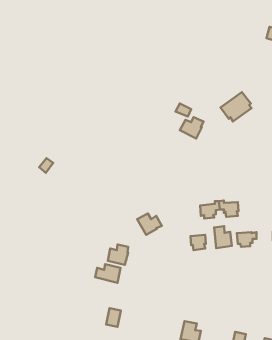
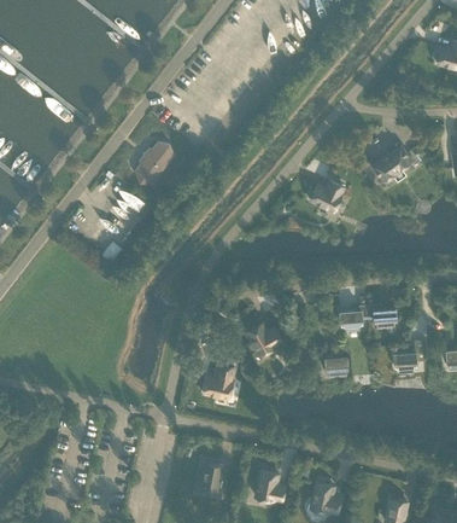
building: none -> [135,140,174,181]
building: [214,226,232,248] -> none
building: [95,264,121,283] -> none
building: none -> [254,469,283,500]

